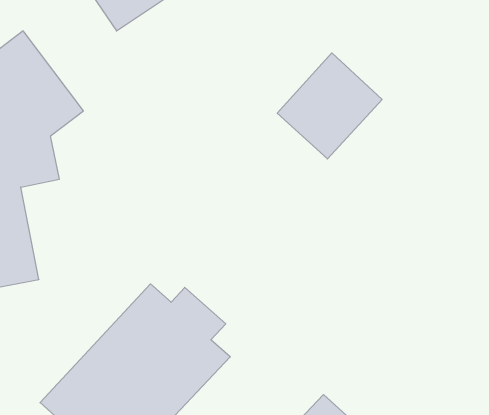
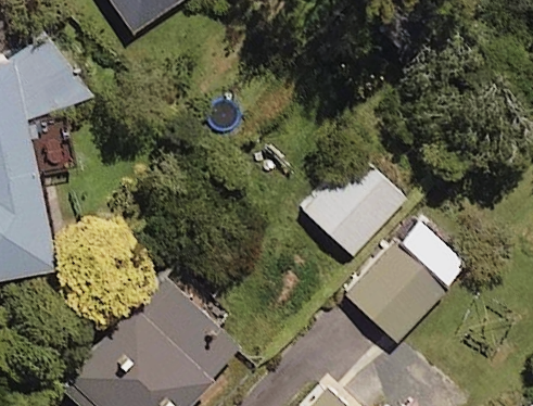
building: [277,53,382,159] -> [304,155,404,256]
building: none -> [346,221,467,344]

